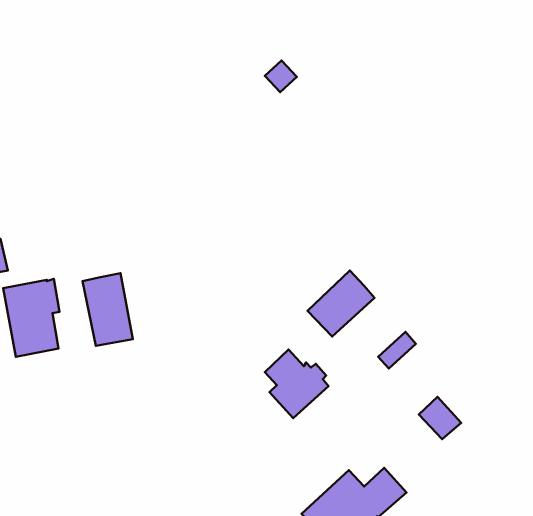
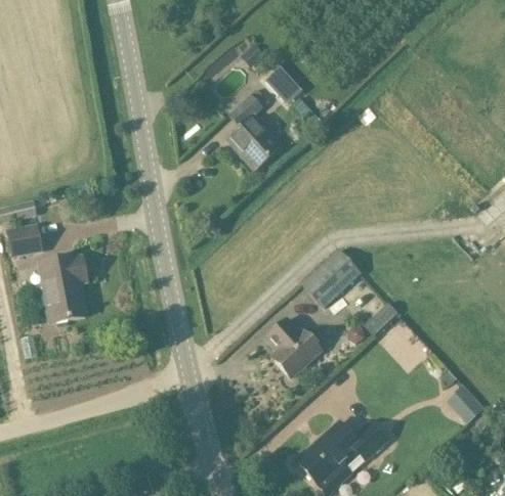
building: none -> [228,95,282,170]
building: [83,273,133,346] -> none
building: [419,397,461,439] -> [447,386,483,422]

